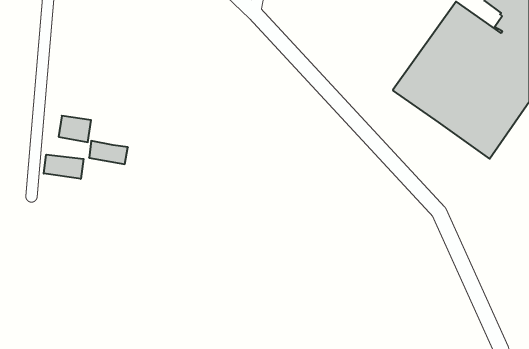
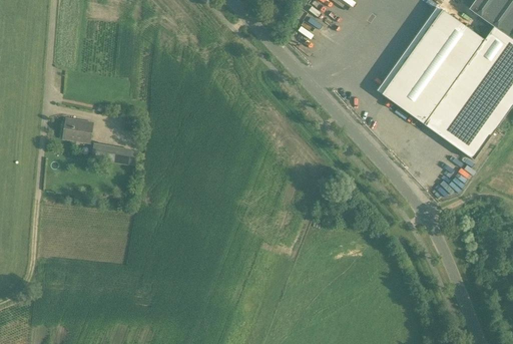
building: [44,155,84,179] -> none

